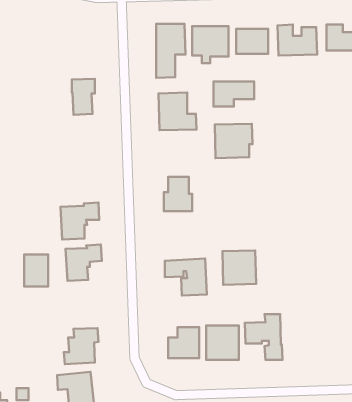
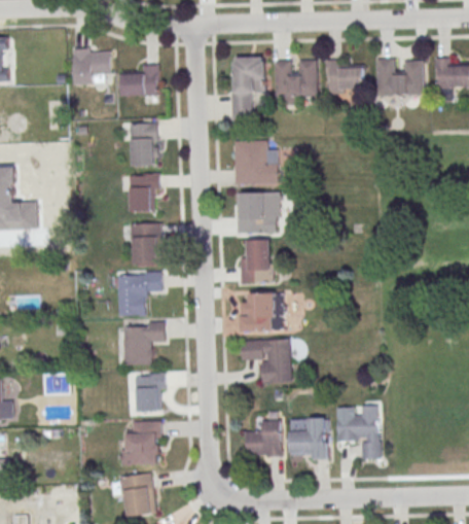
building: none -> [72,47,110,83]
building: none -> [121,65,158,96]
building: [213,82,254,107] -> none
building: none -> [128,173,159,212]
building: [215,124,253,158] -> [236,193,281,234]
building: none -> [131,222,159,266]
building: [222,250,256,285] -> [240,290,280,331]
building: [24,255,48,286] -> [136,374,165,412]

